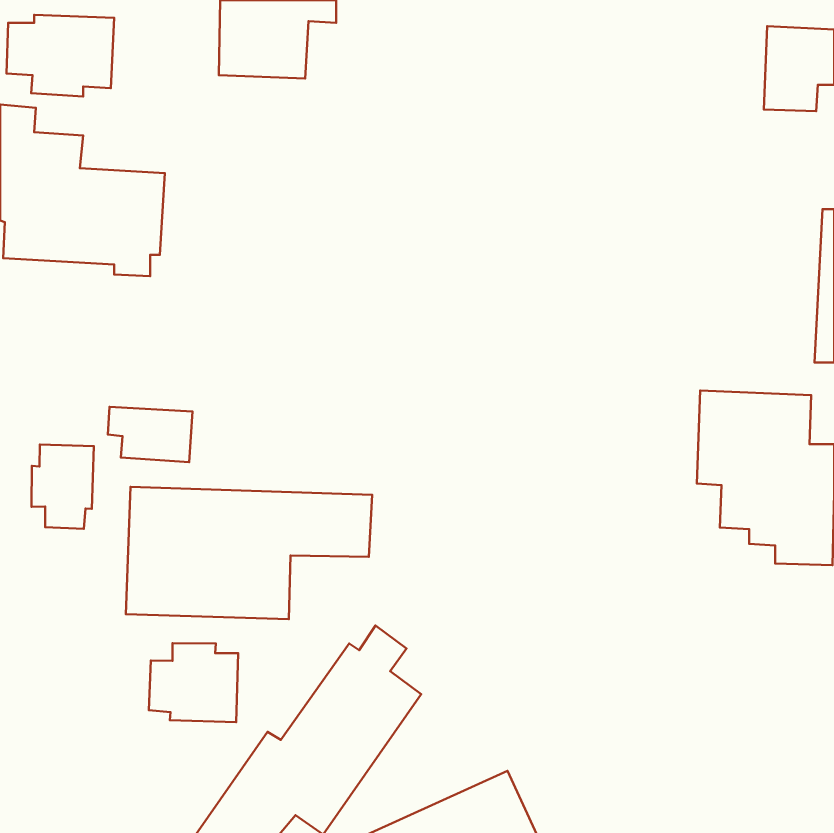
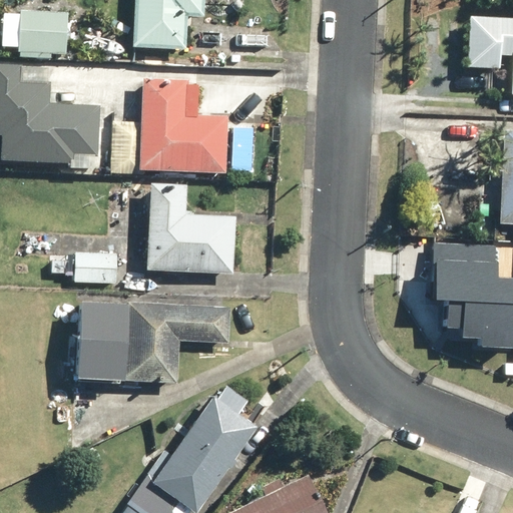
building: none -> [140,78,239,172]
building: none -> [148,182,237,276]
building: [31,445,94,529] -> none
building: [149,643,238,722] -> none

